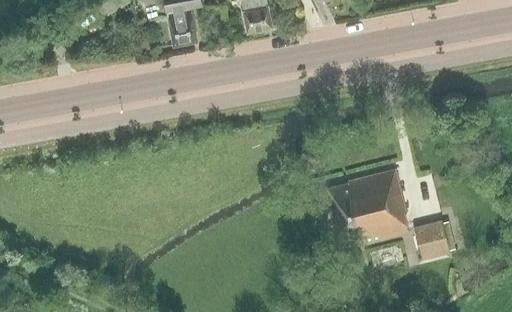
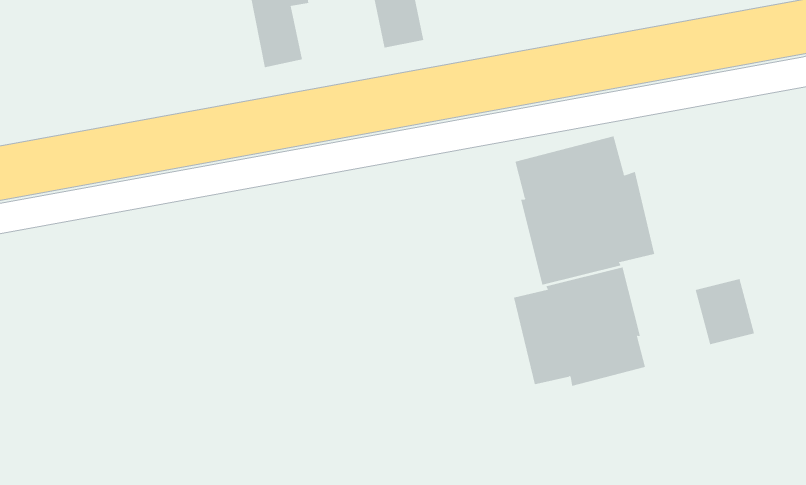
building: none -> [515,136,655,285]
building: [414,218,451,259] -> [695,278,755,345]

